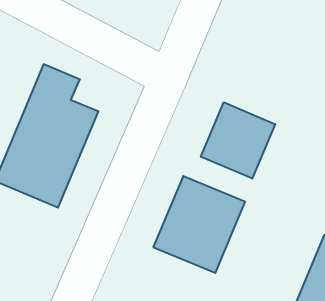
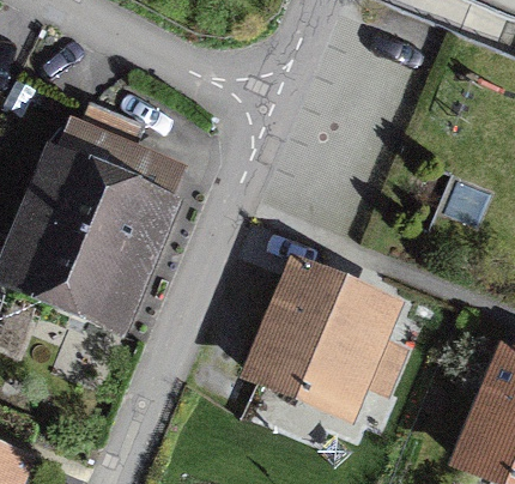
building: [201,102,275,179] -> none

